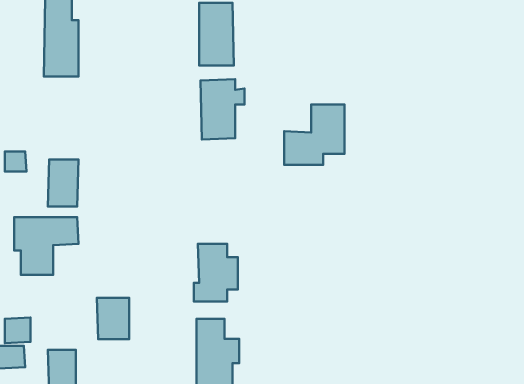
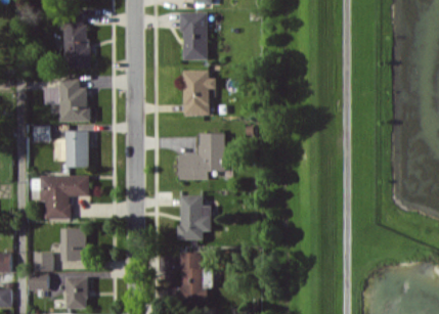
building: none -> [44,78,88,122]
building: [284,104,345,165] -> [178,133,224,179]
building: [97,298,129,339] -> [61,228,86,260]

